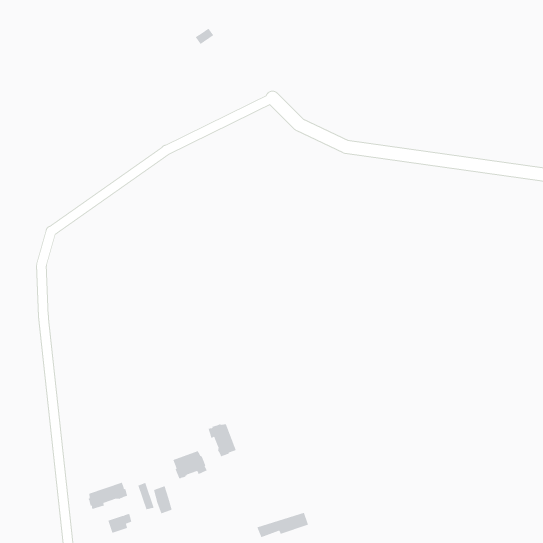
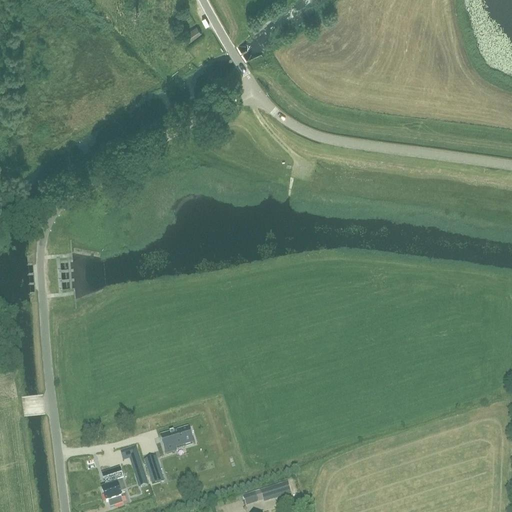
building: [208,423,236,457] -> none
building: [88,482,128,510] -> none

